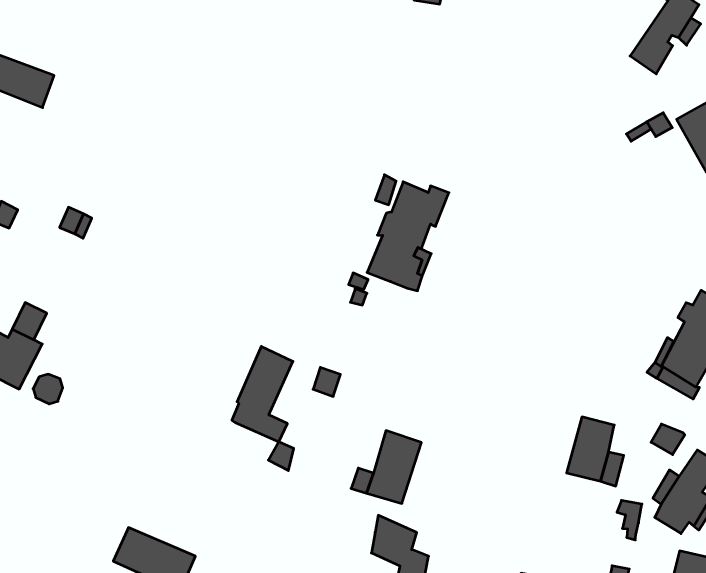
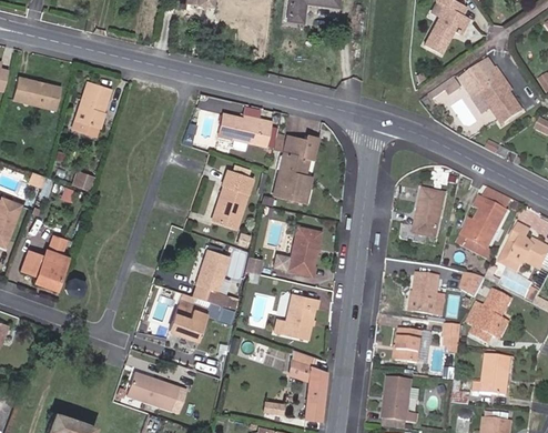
building: none -> [73,83,111,137]
building: none -> [217,113,268,149]
building: none -> [211,171,251,229]
building: none -> [414,191,443,240]
building: none -> [273,229,318,275]
building: none -> [166,293,206,341]
building: none -> [394,332,420,365]

